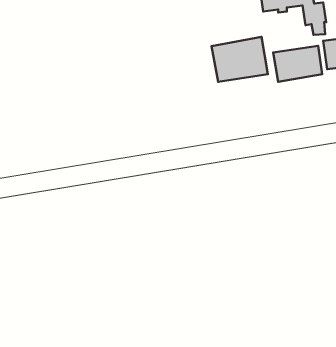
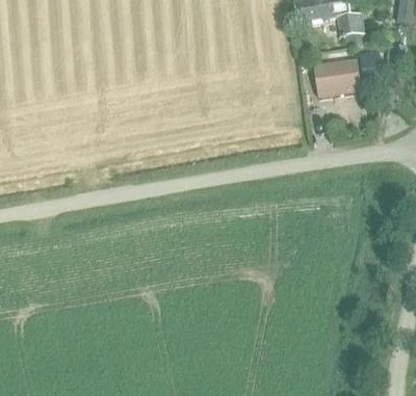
building: [211,37,268,82] -> none

